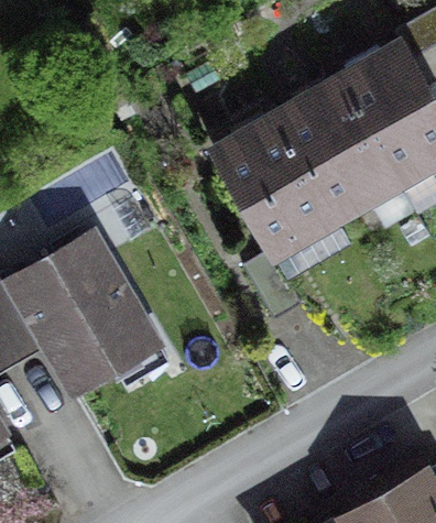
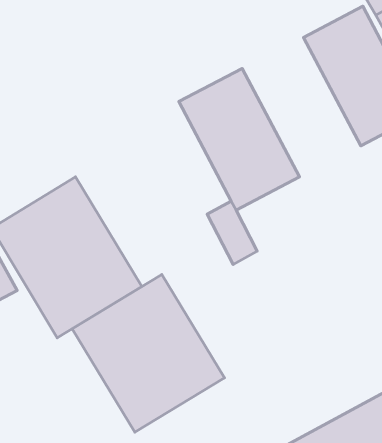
building: [277,75,407,228] -> none
building: none -> [72,274,225,432]

